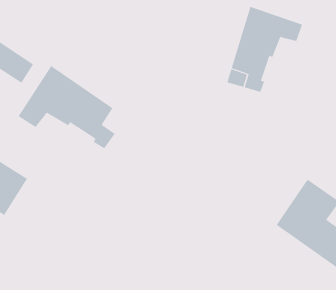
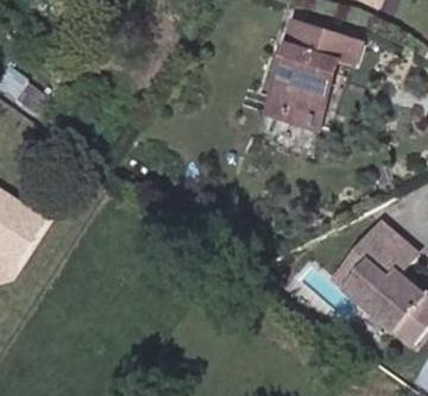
building: [18,65,116,149] -> none

